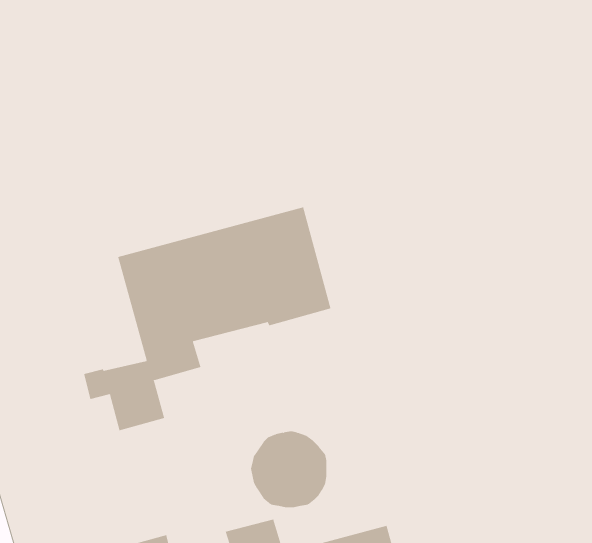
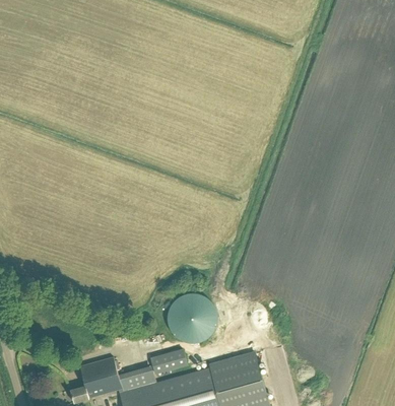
building: [83,207,331,431] -> none

